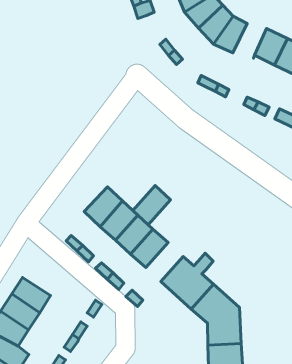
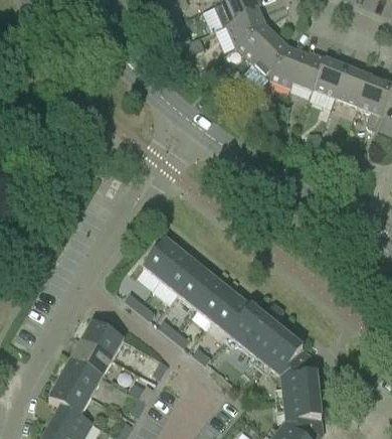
building: none -> [290,51,325,90]
building: [133,186,170,225] -> [212,292,251,334]
building: none -> [81,319,124,356]

